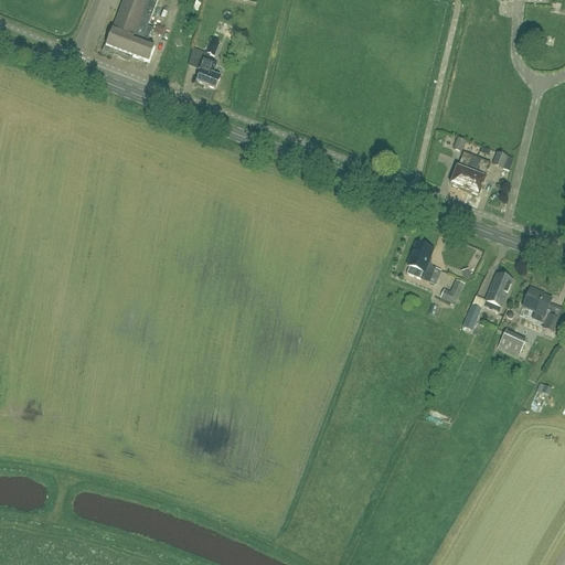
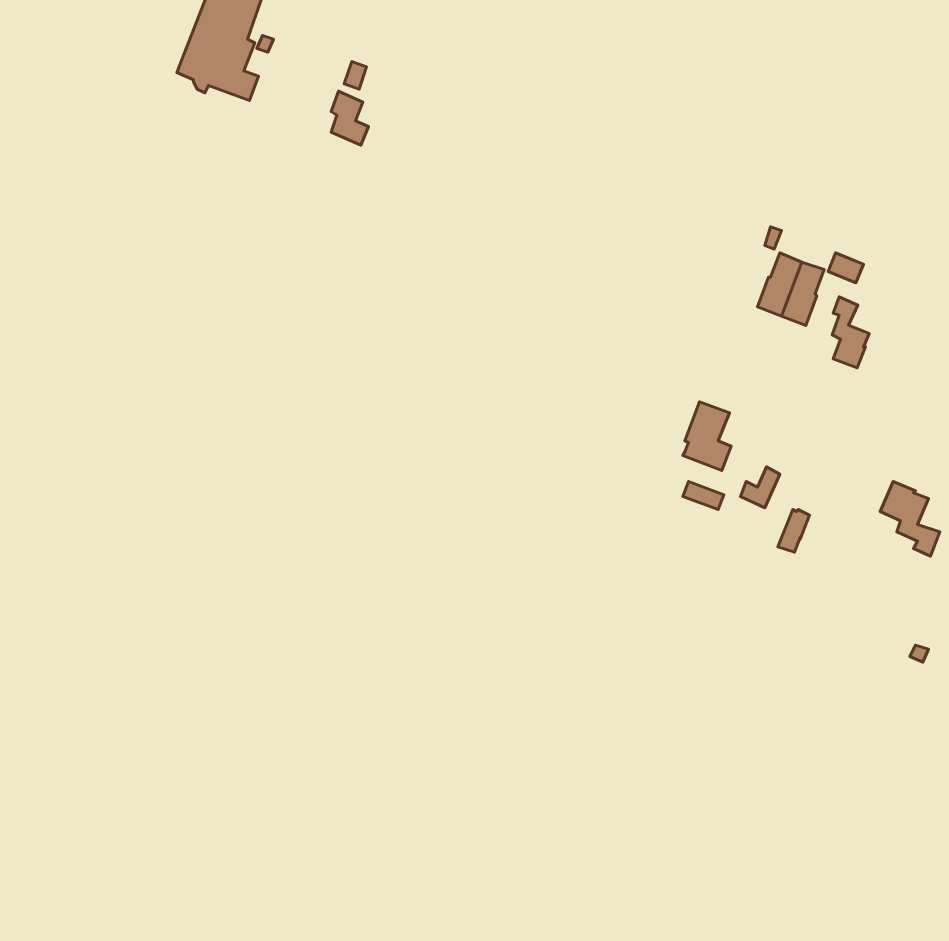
building: none -> [832,297,869,368]
building: [484,271,512,308] -> none
building: [497,328,525,354] -> none

